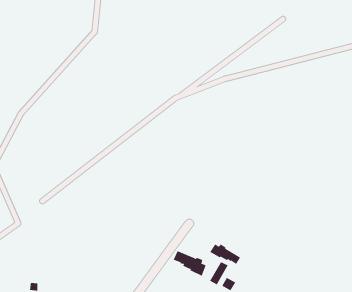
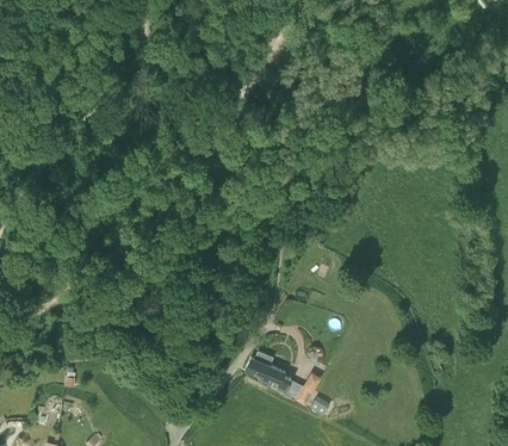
building: [210,244,241,265] -> none

